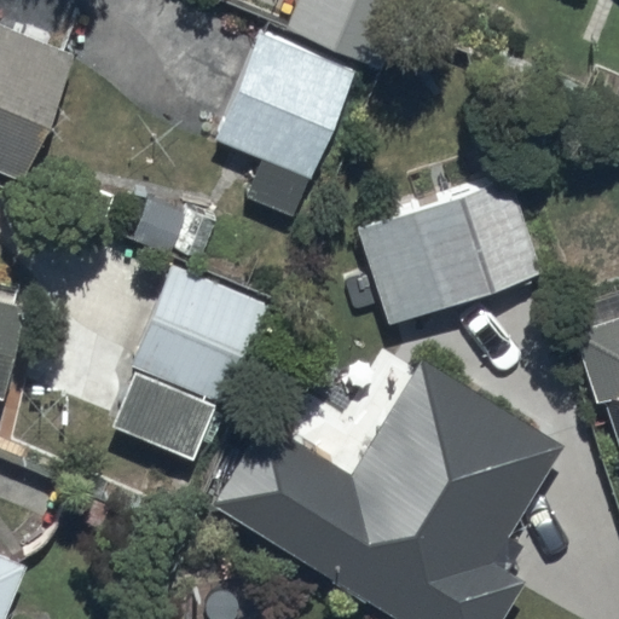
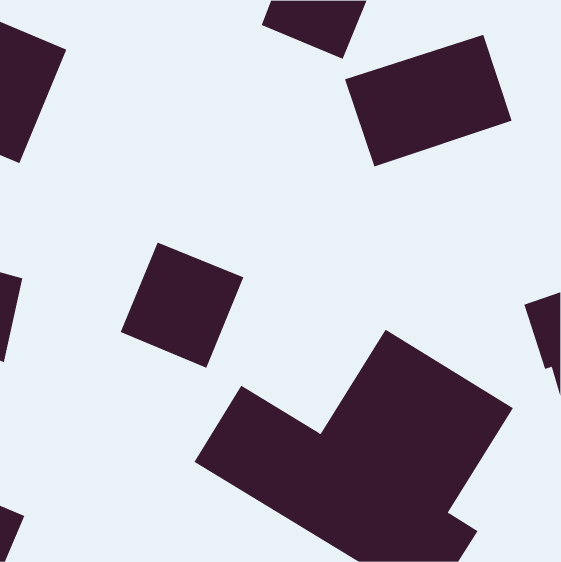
building: [215,34,354,218] -> none
building: [357,179,542,325] -> [344,34,512,167]

